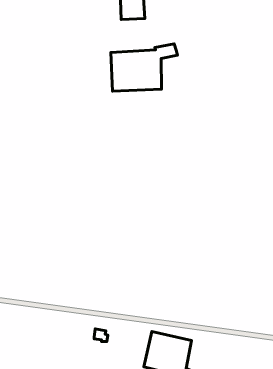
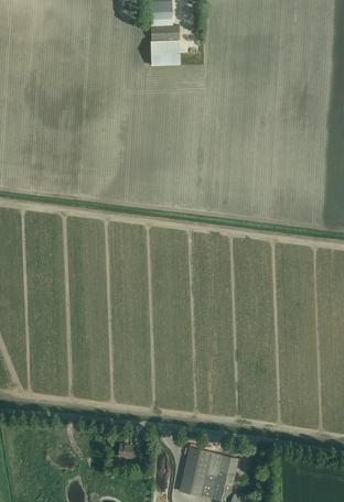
building: [111,44,177,91] -> none

